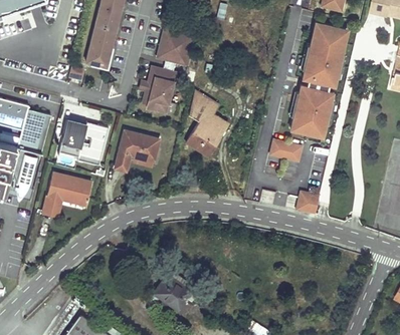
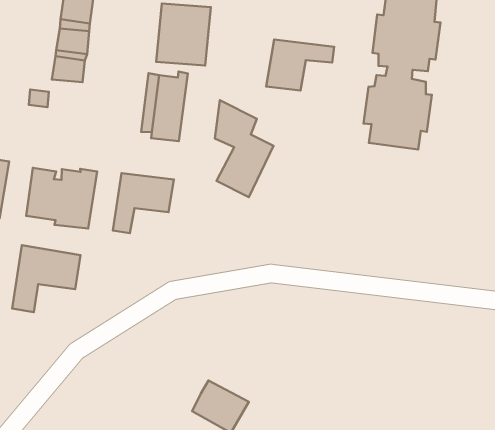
building: none -> [266,39,334,90]
building: [269,138,302,160] -> none
building: [295,191,320,214] -> none

